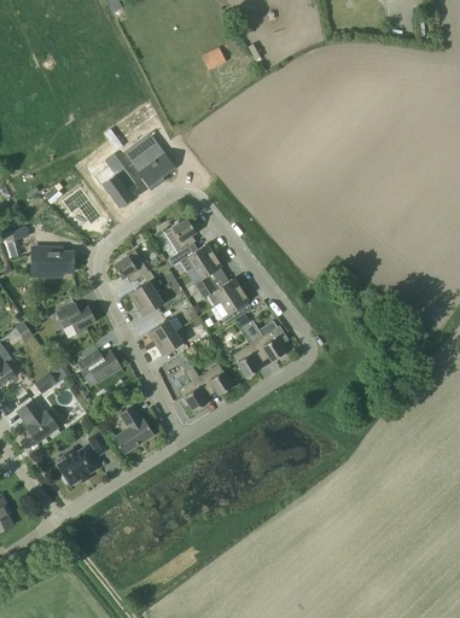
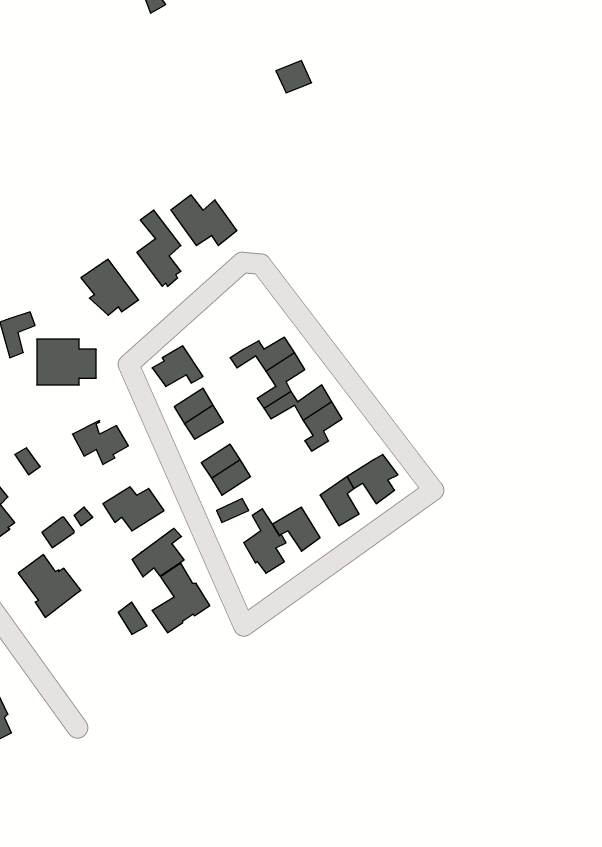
building: [163,218,196,252] -> none
building: none -> [132,528,184,577]
building: [57,448,98,485] -> none

